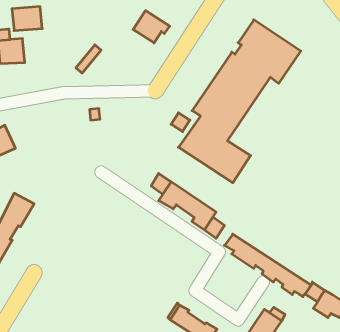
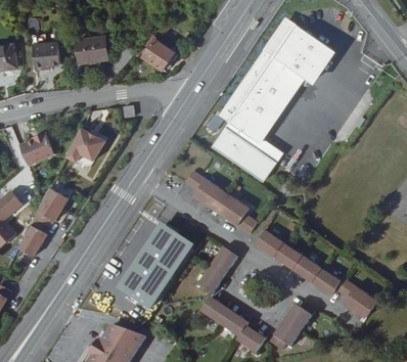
building: [12,7,42,31] -> [76,36,105,59]
building: [133,11,170,43] -> [144,37,180,69]
building: none -> [67,131,106,166]
building: none -> [111,217,191,307]
building: none -> [197,248,236,297]

